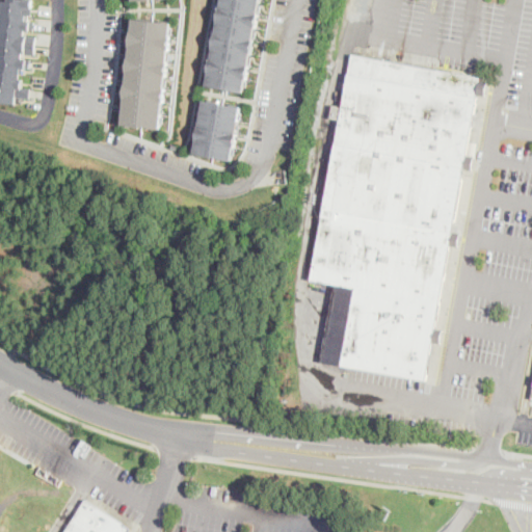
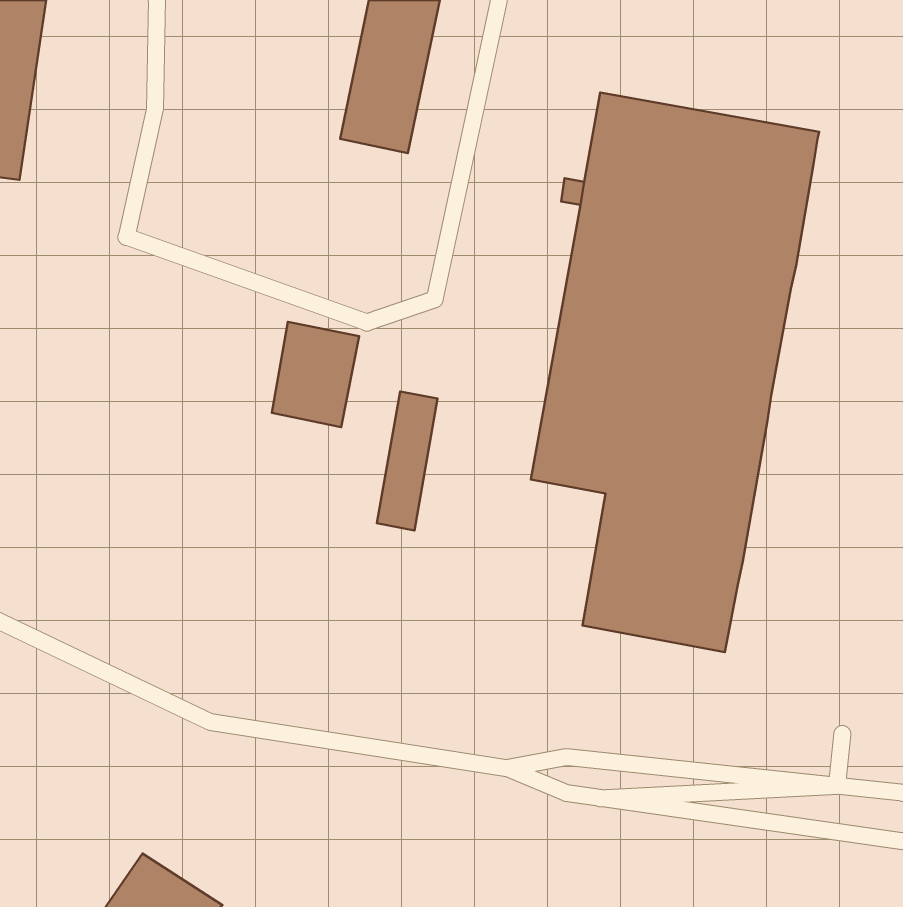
building: [116,19,170,127] -> none
building: [190,102,241,163] -> [272,322,359,427]
building: [318,286,353,367] -> [377,391,437,530]

